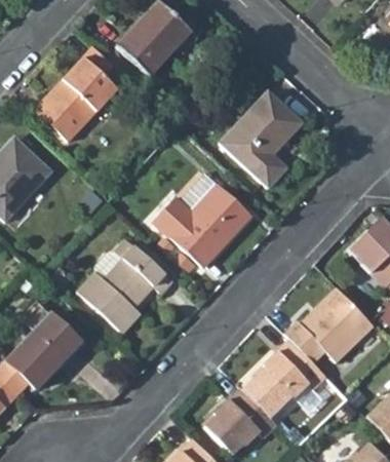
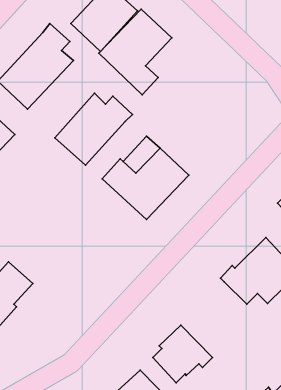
building: [221,92,304,190] -> [99,9,172,95]
building: none -> [55,93,133,165]
building: [74,241,172,335] -> none
building: [258,338,327,403] -> none

